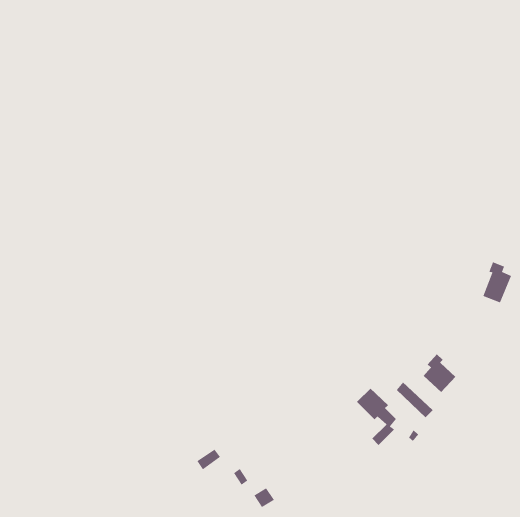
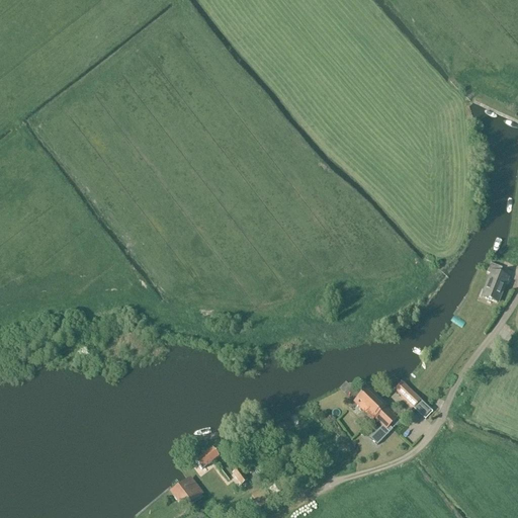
building: [423,354,456,393] -> none
building: none -> [174,476,202,504]

